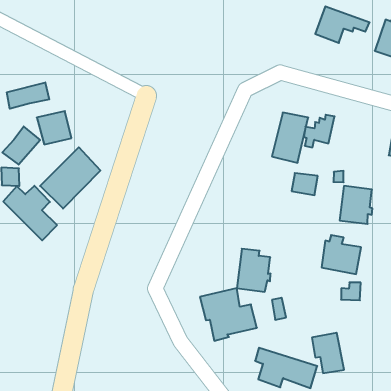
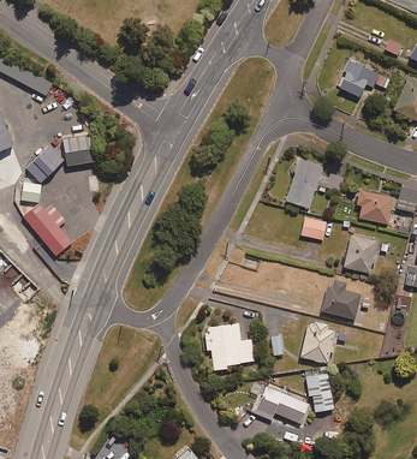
building: [7,82,49,109] -> none
building: none -> [357,189,394,223]
building: [40,147,100,209] -> none
building: [237,249,271,292] -> [300,320,335,363]

